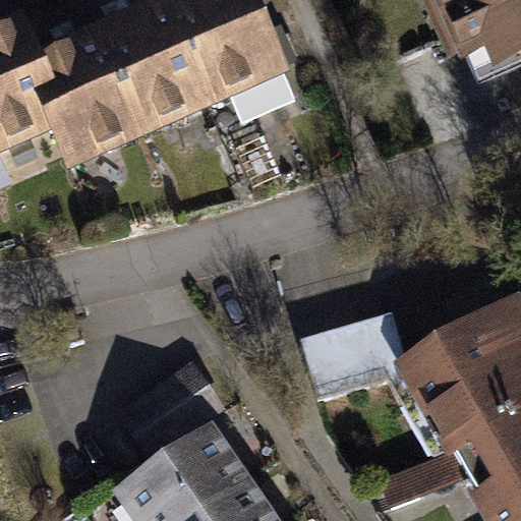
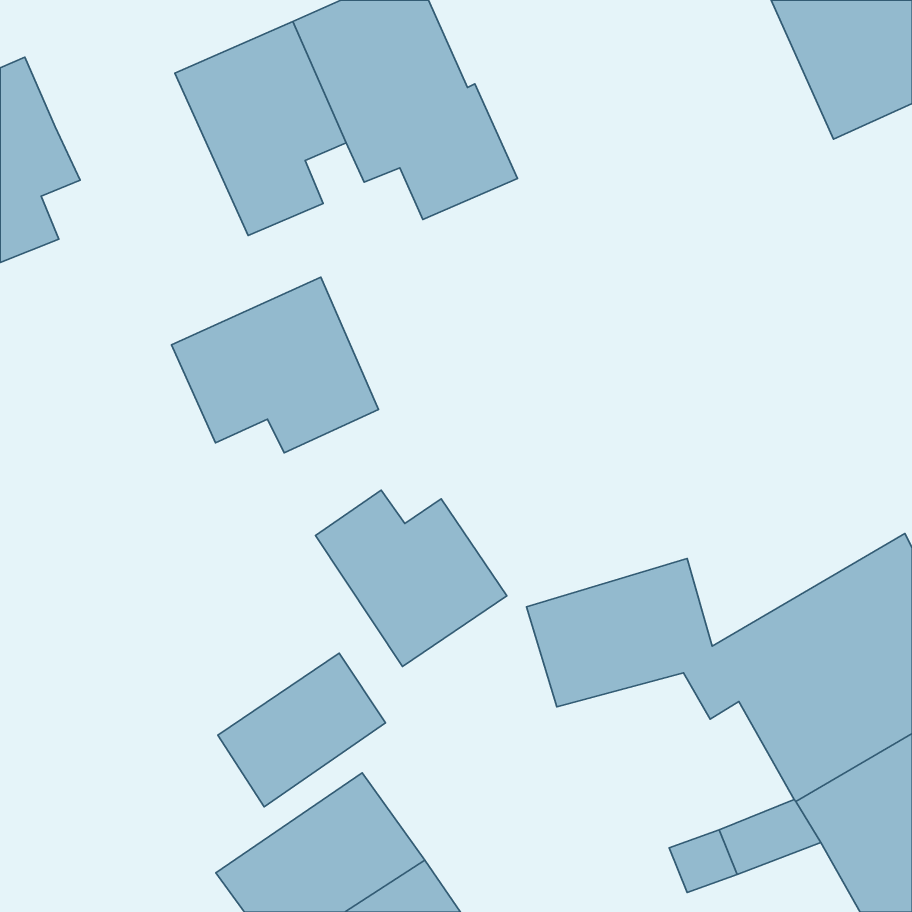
building: [32,42,141,155] -> none
building: none -> [171,277,379,453]
building: none -> [316,490,507,666]

